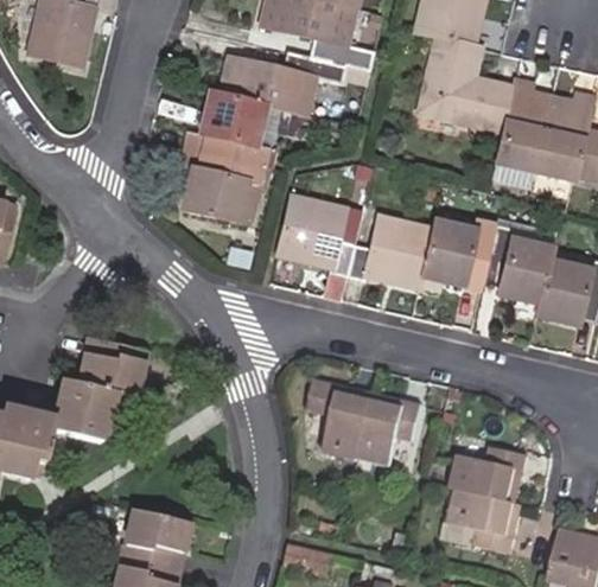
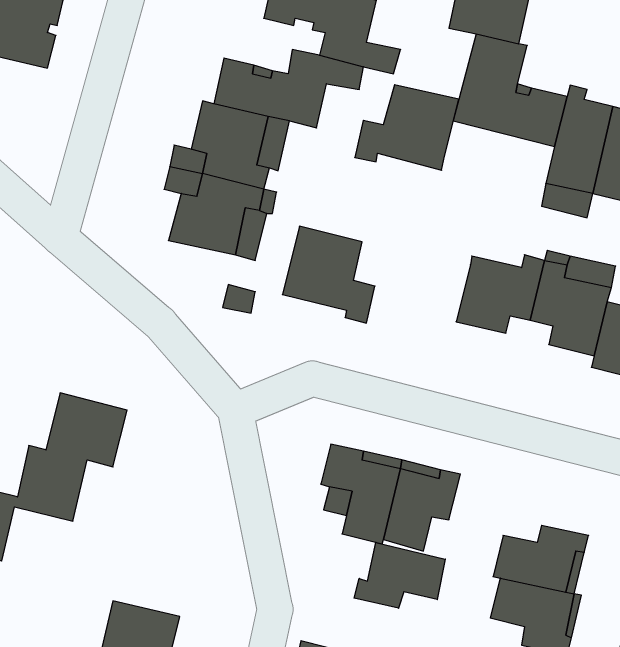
building: [345,217,432,288] -> [355,85,459,170]
building: none -> [354,542,445,608]

